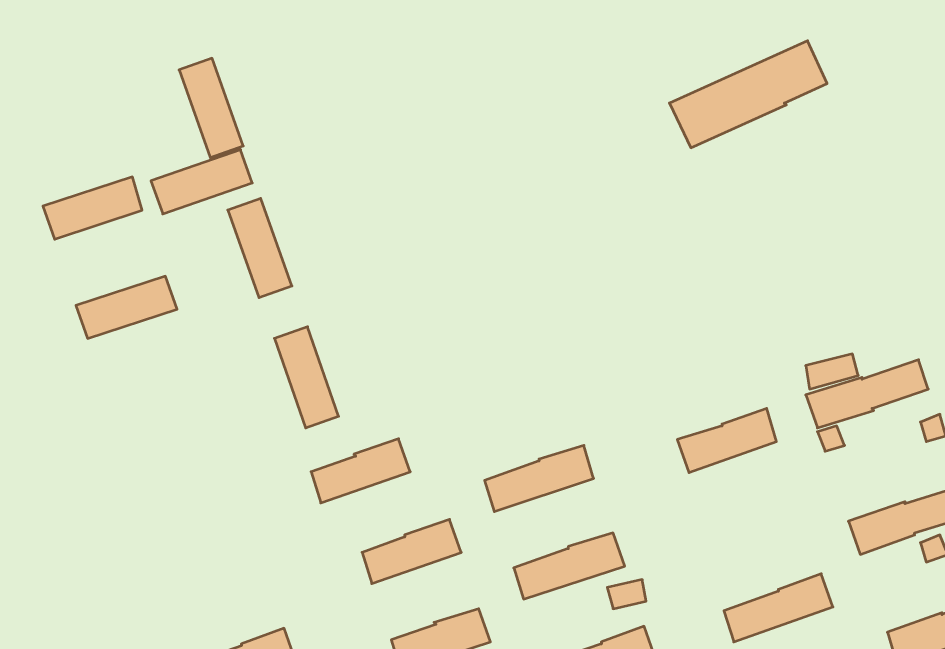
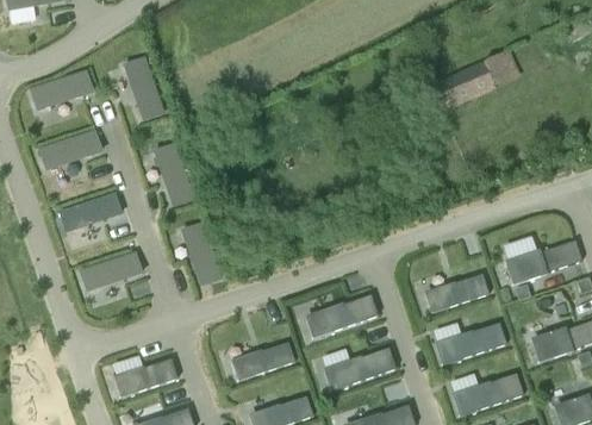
building: [151,150,252,214] -> [29,70,91,110]
building: none -> [80,251,141,290]
building: [311,439,410,503] -> [116,357,176,396]
building: none -> [437,324,505,364]

